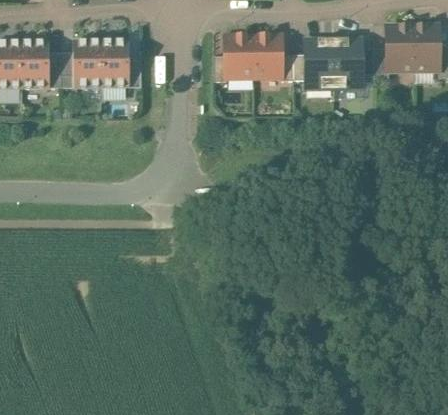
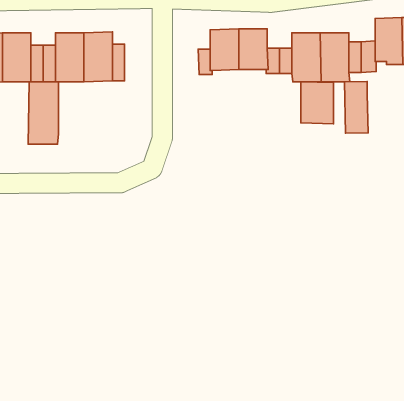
building: none -> [344,81,368,133]
building: none -> [28,82,59,144]
building: none -> [301,82,334,124]

